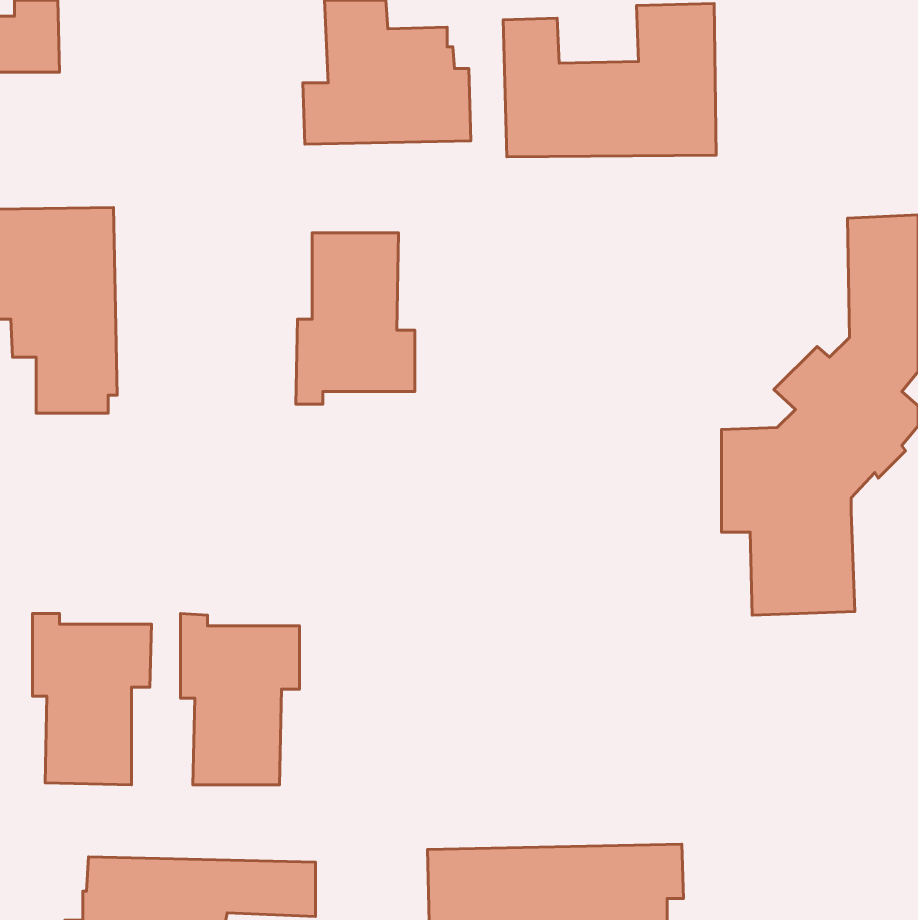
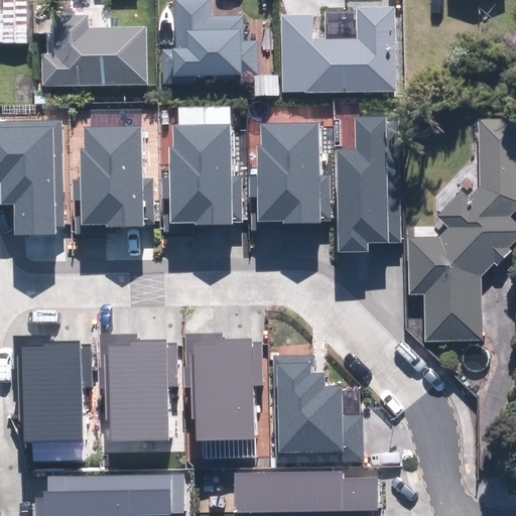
building: none -> [51,13,155,83]
building: none -> [339,112,402,248]
building: none -> [85,122,155,224]
building: none -> [253,132,319,227]
building: none -> [189,347,255,448]
building: none -> [271,352,360,461]

